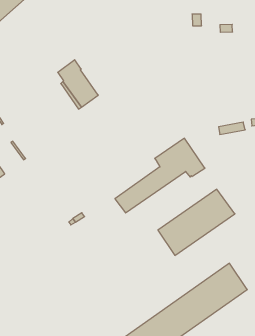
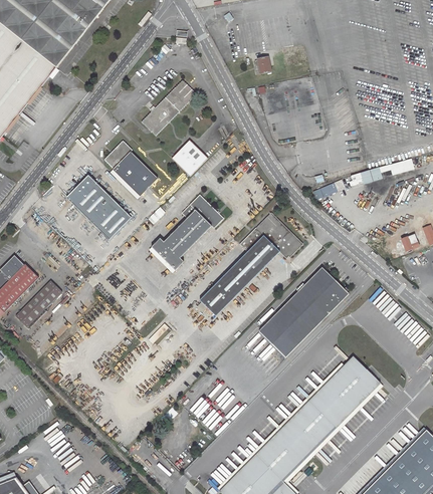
building: none -> [140,79,197,136]
building: none -> [172,140,207,176]
building: none -> [65,175,130,240]
building: none -> [152,193,224,269]

